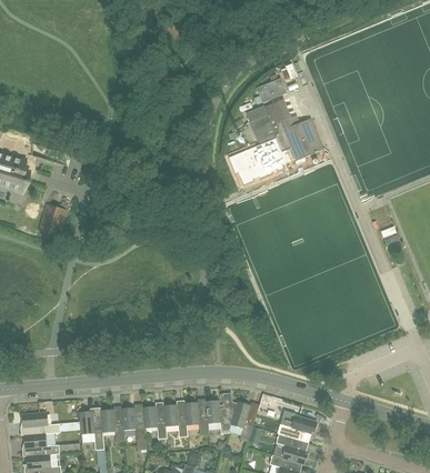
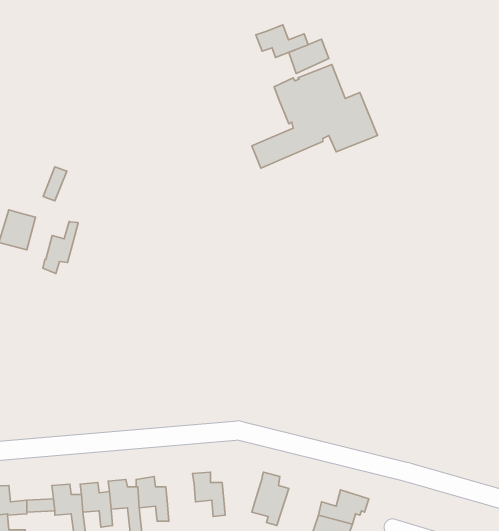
building: none -> [256,25,308,58]
building: none -> [43,222,78,273]
building: [204,401,236,434] -> none
building: [162,404,187,437] -> none

